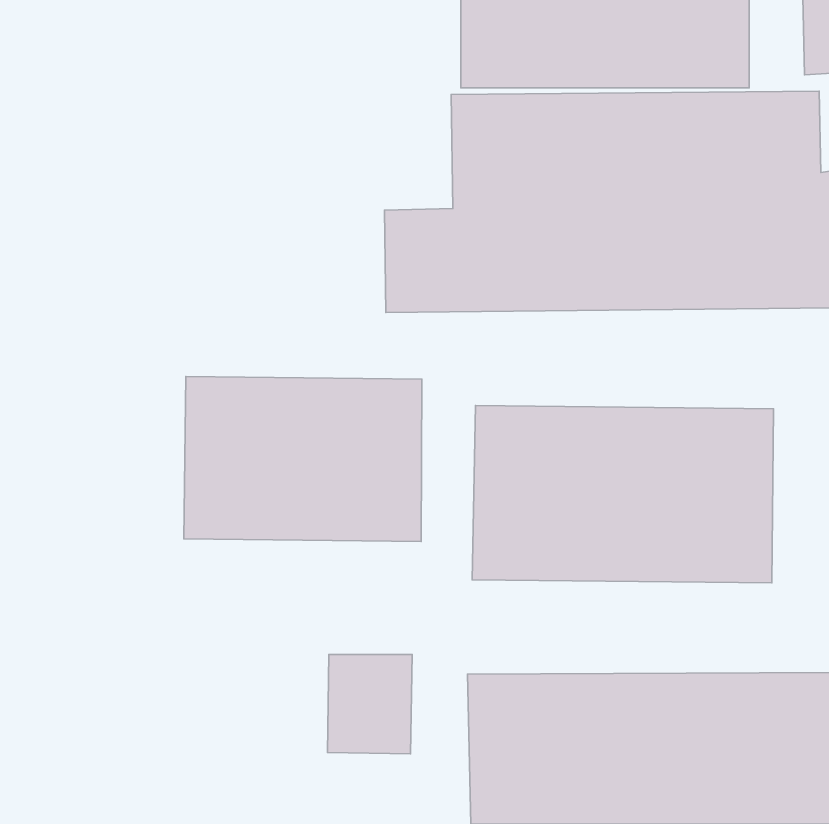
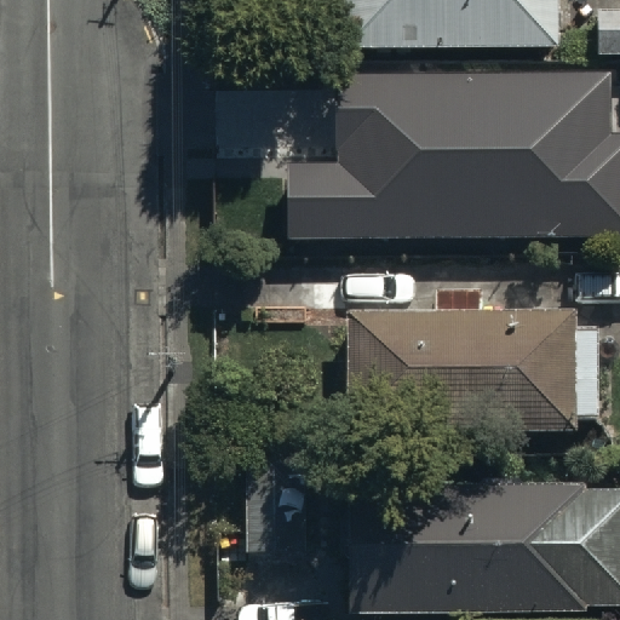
building: [184,377,422,541] -> none

